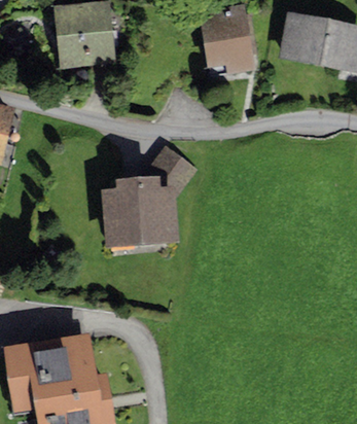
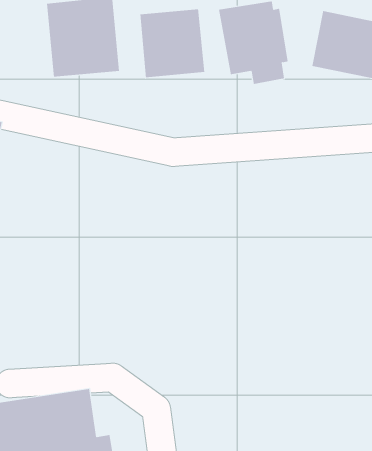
building: none -> [140,8,205,78]
building: [98,146,197,248] -> none

